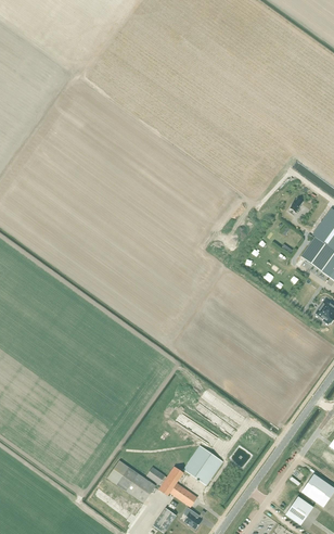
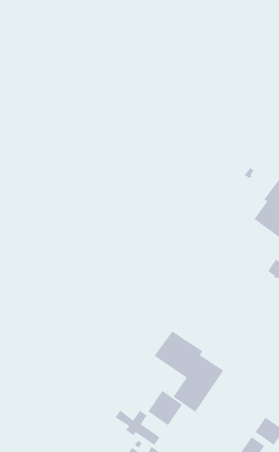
building: none -> [153,331,224,413]
building: [107,459,156,501] -> none

